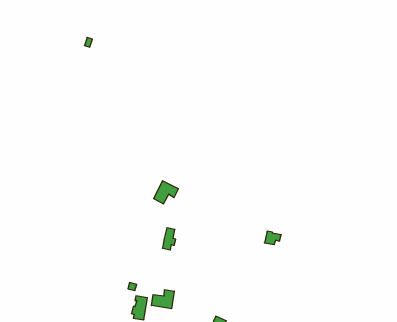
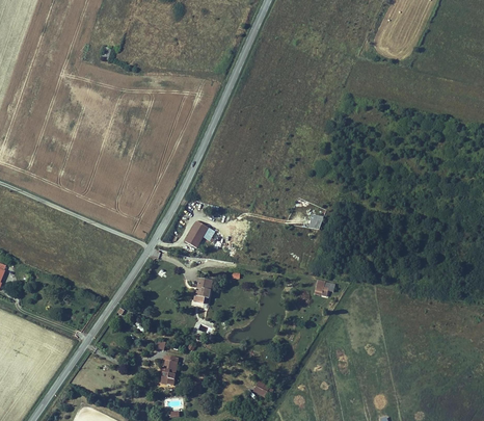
building: [152,290,174,309] -> none

